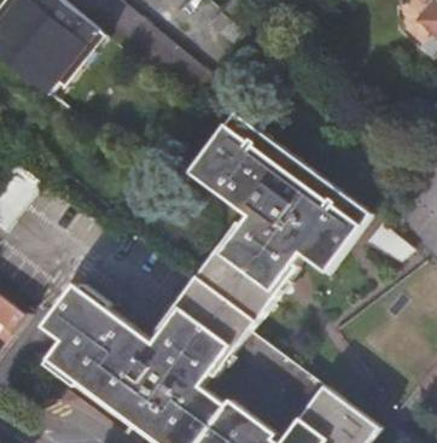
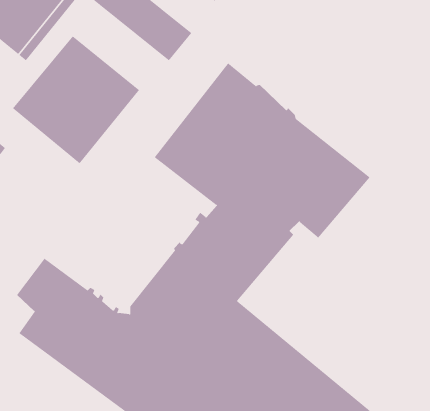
building: none -> [12,36,140,164]

